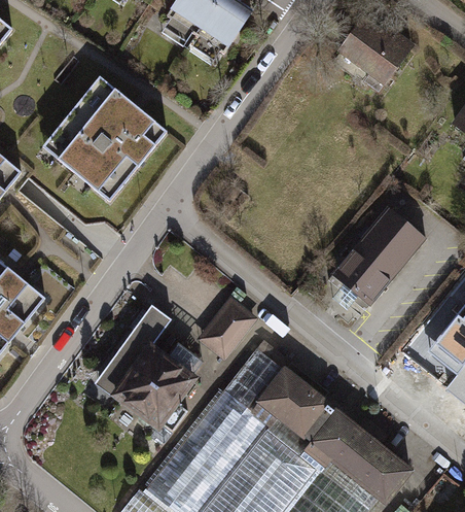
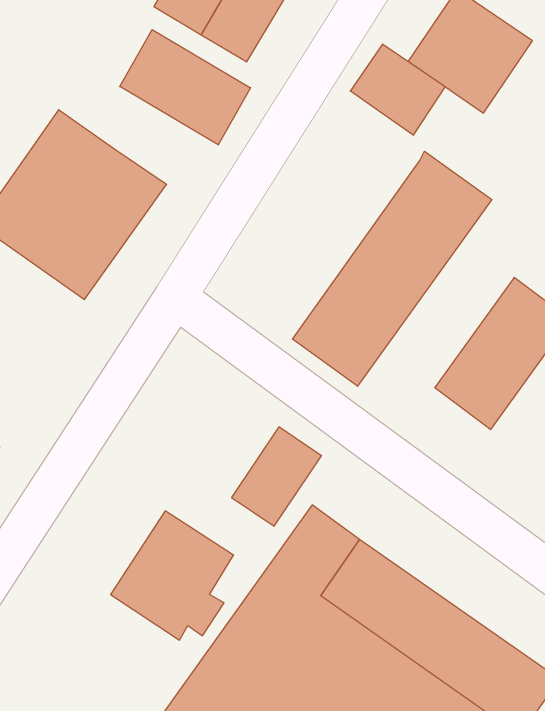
building: none -> [120,30,251,145]
building: none -> [350,44,445,135]
building: none -> [292,151,492,386]
building: [96,304,174,397] -> none

